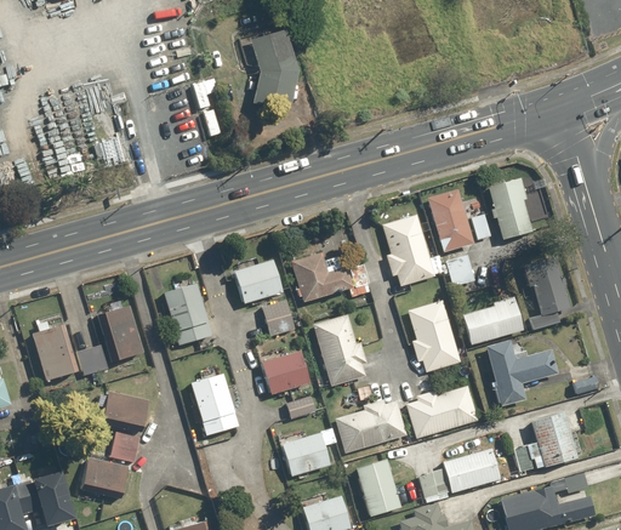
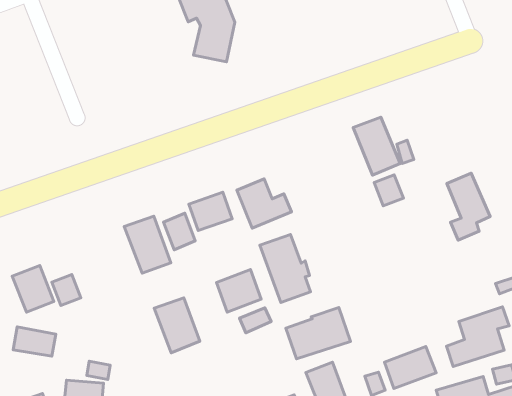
building: [490,177,535,239] -> none
building: [382,215,435,286] -> none
building: [261,297,295,337] -> [164,213,195,250]
building: [408,298,461,371] -> none
building: [462,298,523,343] -> none
building: [102,304,144,360] -> none
building: [485,340,558,405] -> none
building: [404,386,478,440] -> none
building: [101,391,149,426] -> [13,327,56,356]
building: [281,432,331,477] -> none

